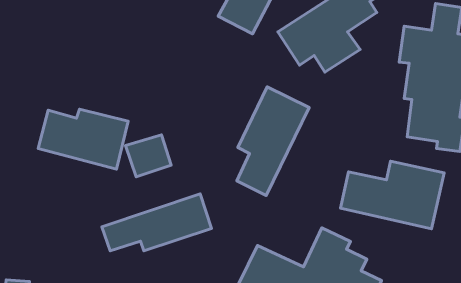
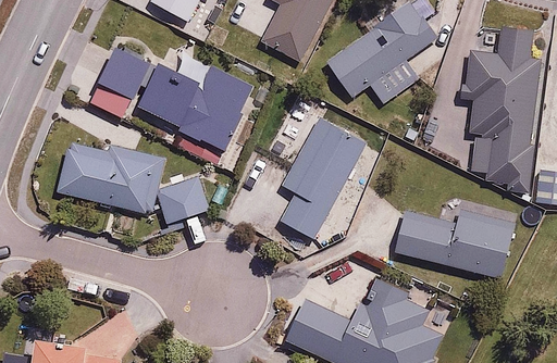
building: none -> [91,45,253,164]
building: [102,194,212,251] -> none

